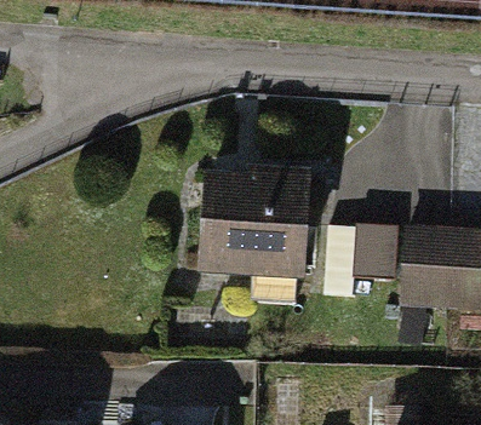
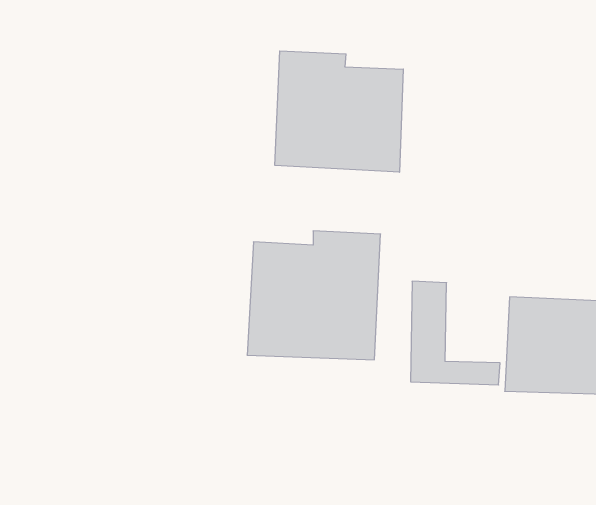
building: none -> [275,51,403,172]

